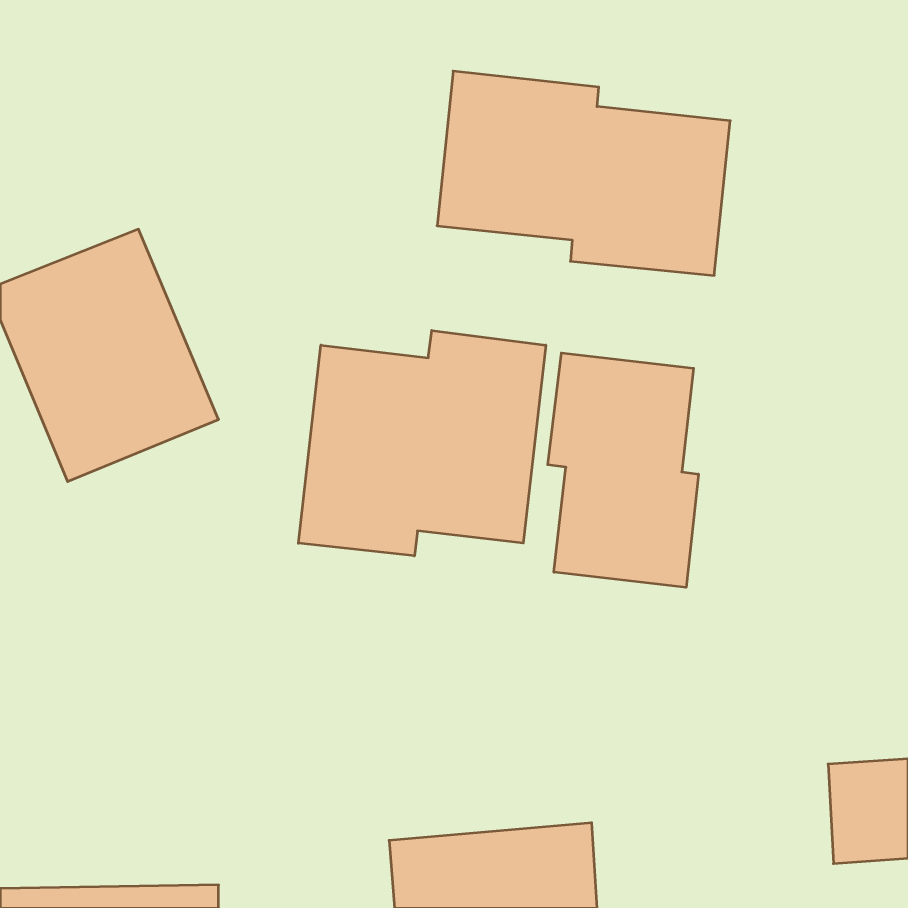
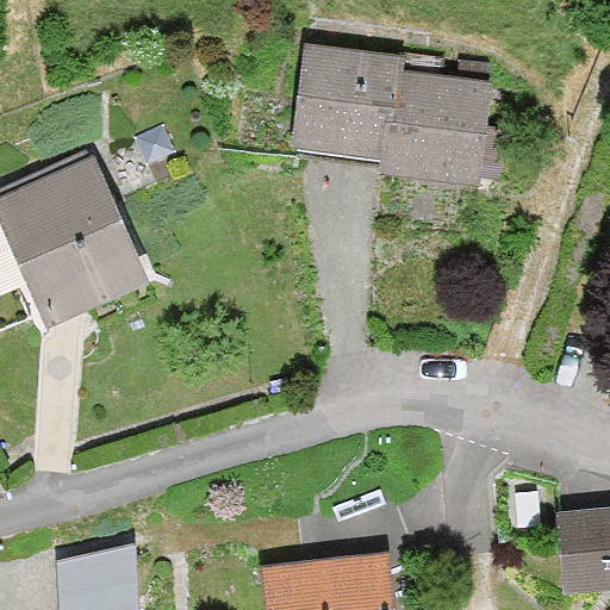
building: [298,330,546,556] -> none
building: [548,353,698,587] -> none

